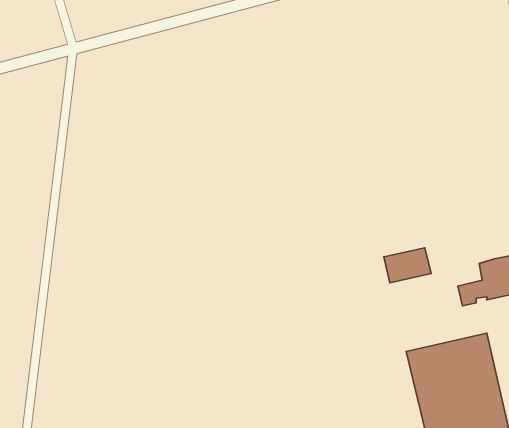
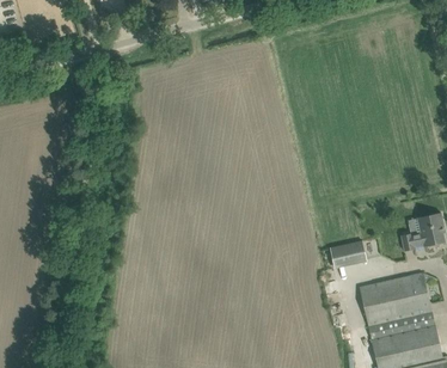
building: [384,248,431,283] -> [329,241,366,269]

